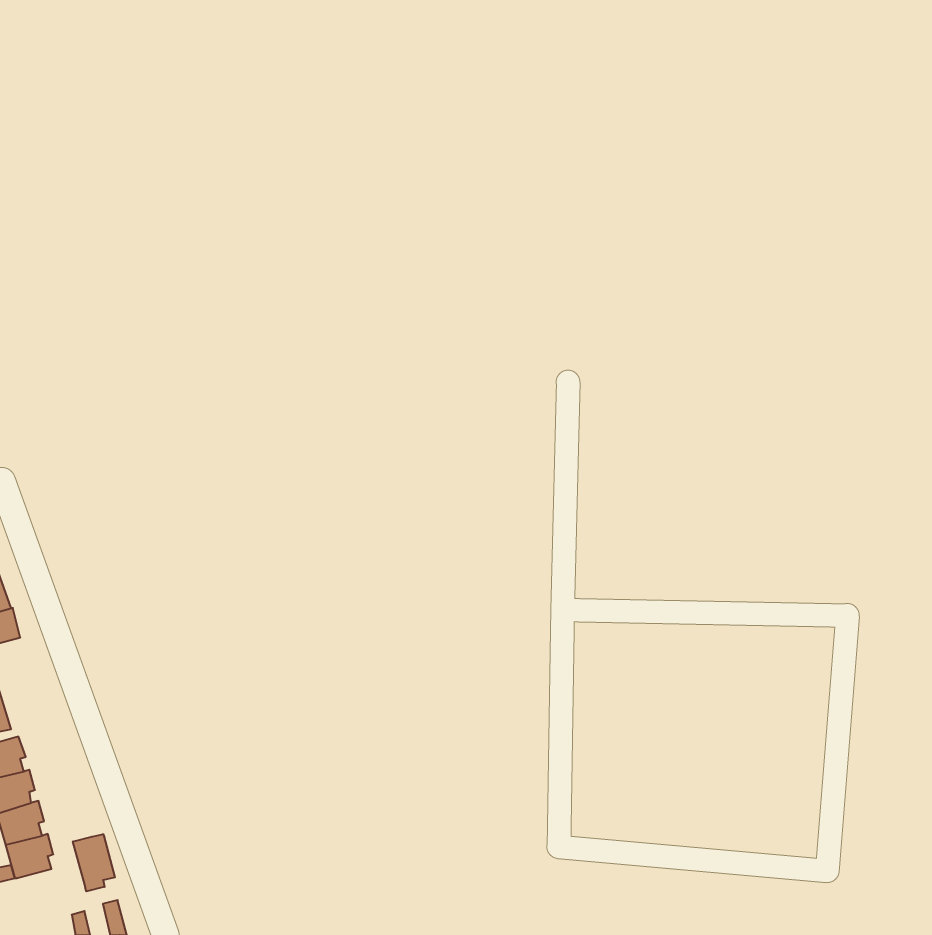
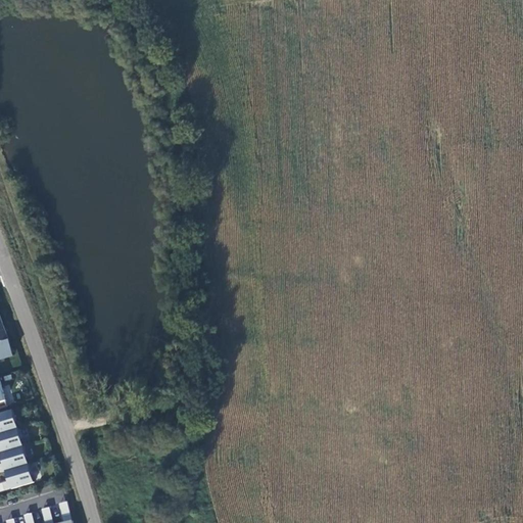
building: [73,834,115,891] -> none

